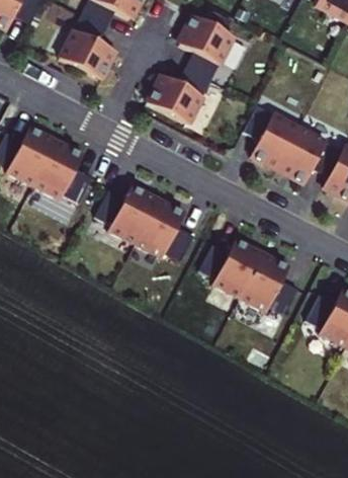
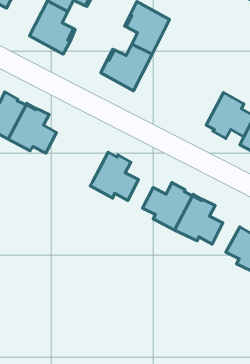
building: [240,110,299,167] -> none
building: [95,184,157,242] -> none

